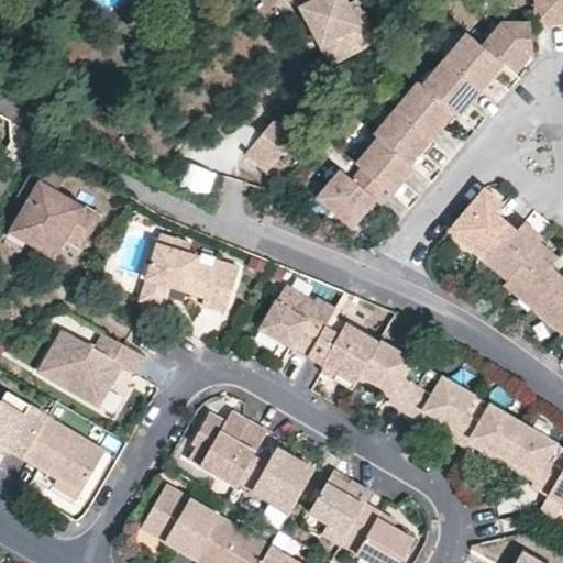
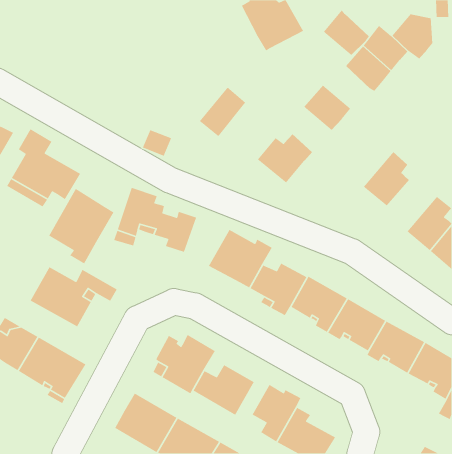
building: [398,77,456,134] -> [323,10,370,56]
building: [356,136,416,192] -> none
building: [477,222,542,280] -> none
building: none -> [48,188,114,264]

